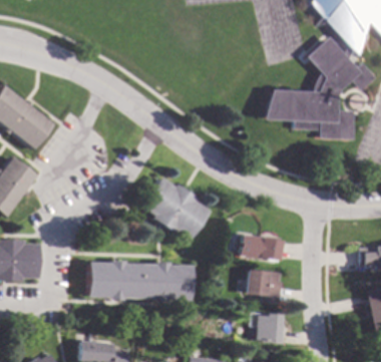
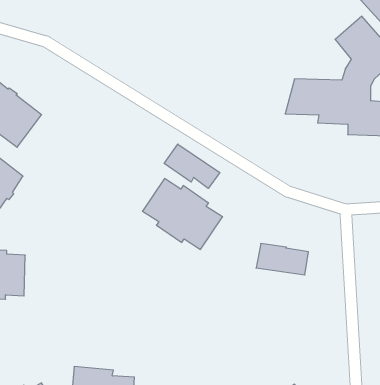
building: none -> [164,144,220,188]
building: [89,260,195,302] -> none
building: [246,269,284,303] -> none
building: [258,313,286,344] -> none

